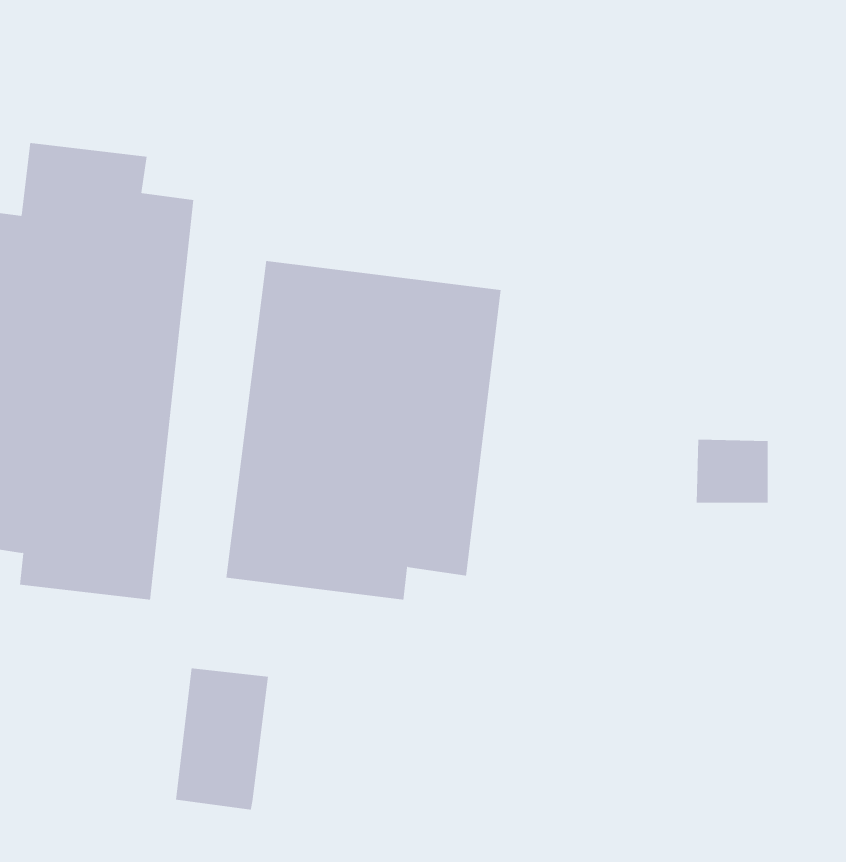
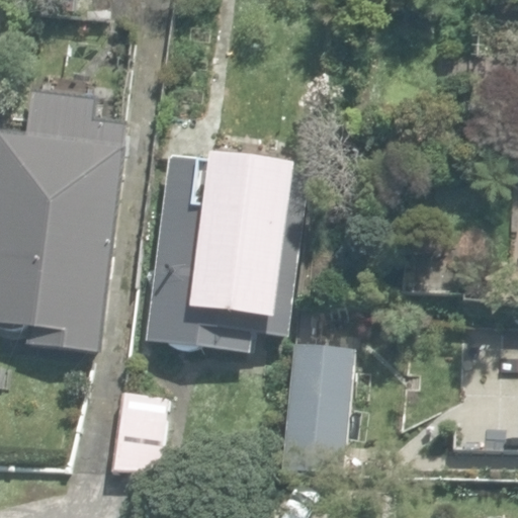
building: none -> [280,340,354,473]

